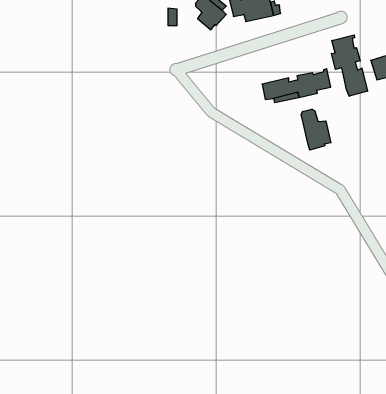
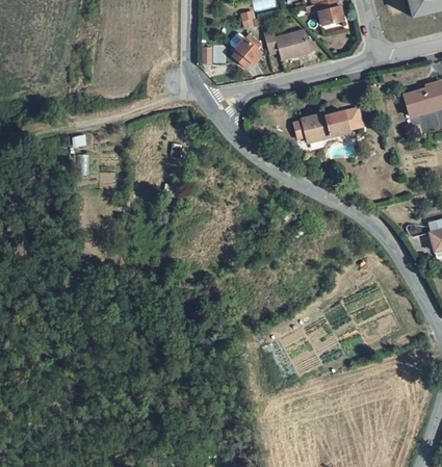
building: [331,35,368,96] -> none
building: [301,109,331,150] -> none

